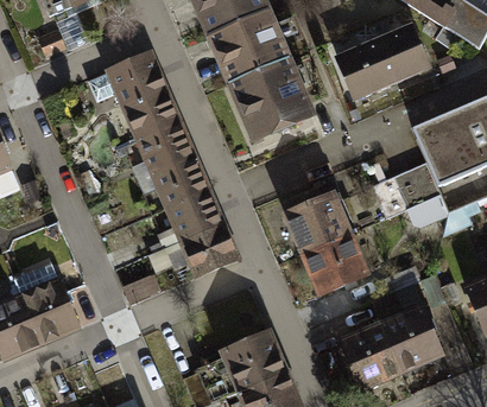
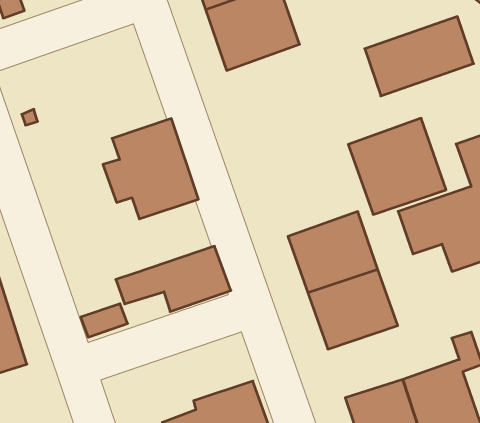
building: [89,50,185,144] -> none
building: [227,58,308,138] -> [348,118,446,214]
building: [158,187,227,250] -> none

